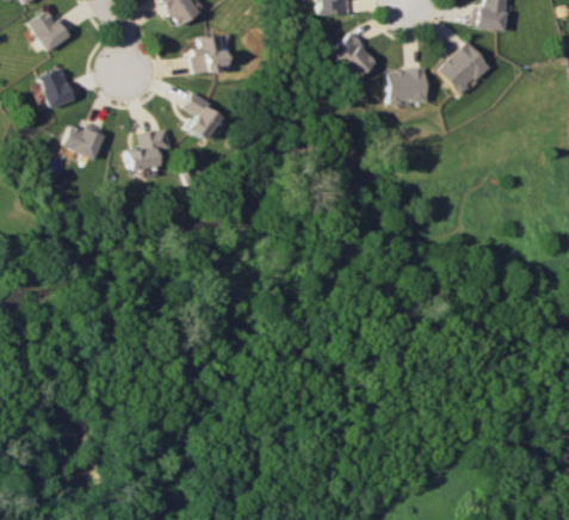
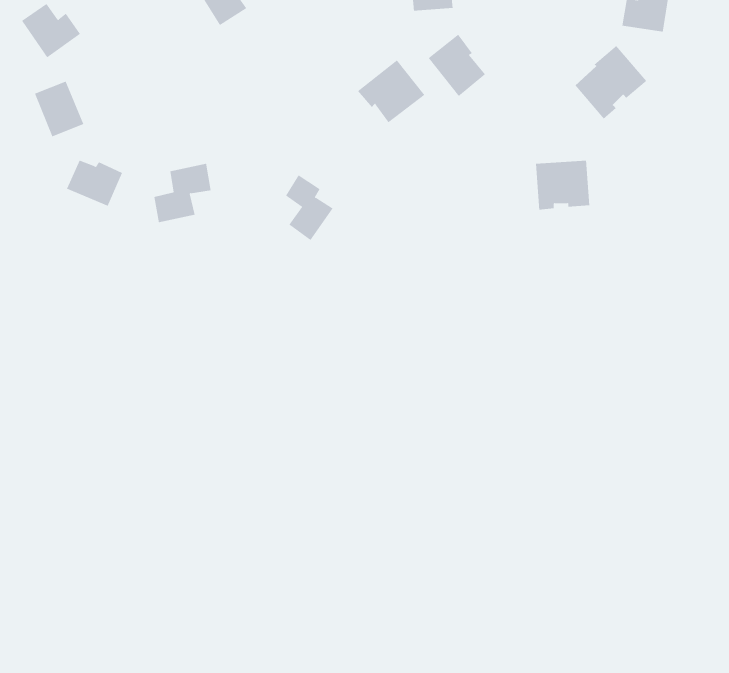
building: [191,33,227,74] -> none
building: none -> [357,59,425,123]
building: [386,68,427,105] -> [535,160,590,210]
building: [183,92,218,141] -> [285,175,334,241]

